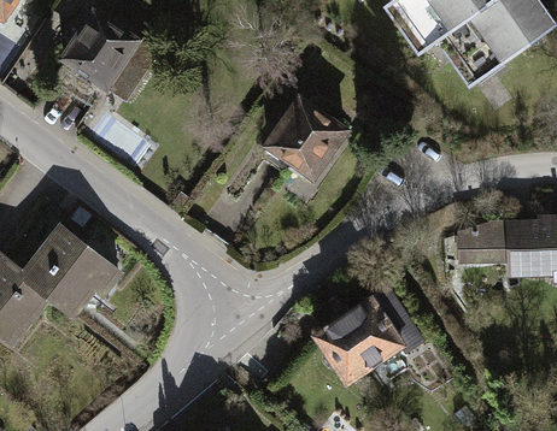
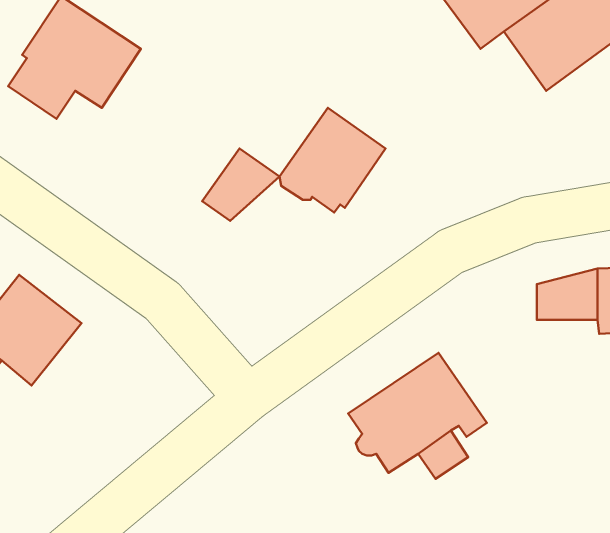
building: none -> [202,148,279,221]

